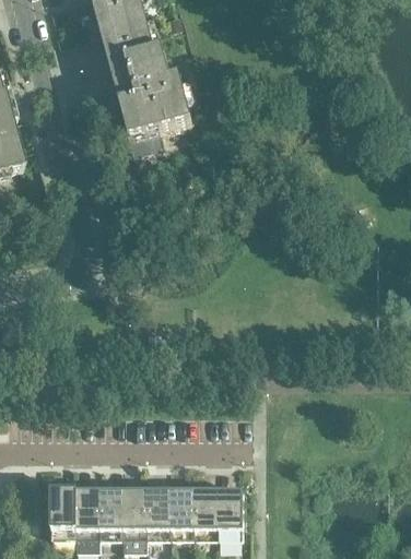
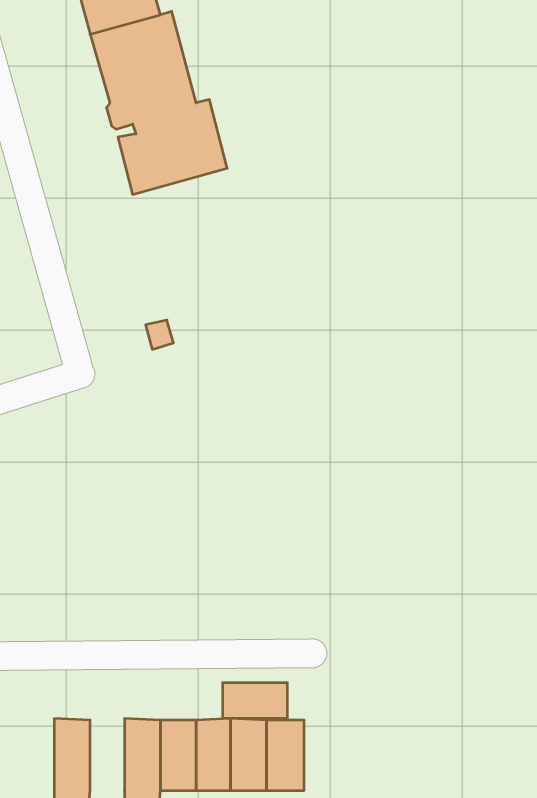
building: none -> [223,683,287,719]
building: [49,487,74,535] -> none
building: [98,487,121,535] -> none

